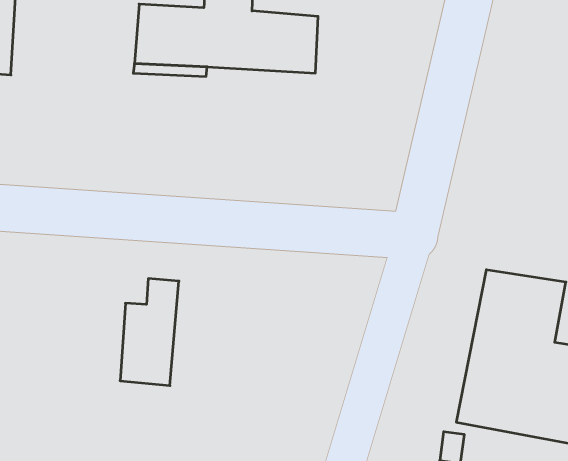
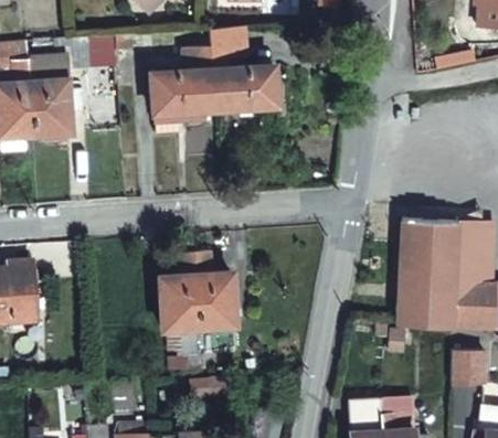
building: none -> [198,255,240,328]

